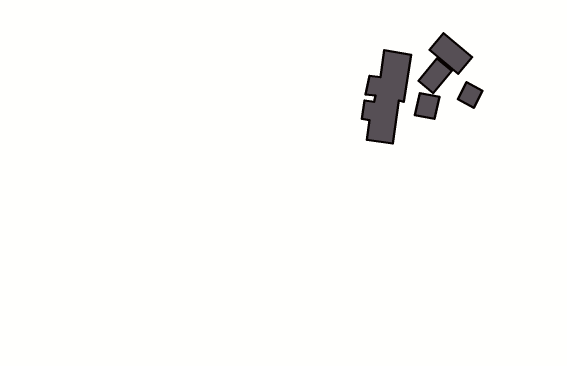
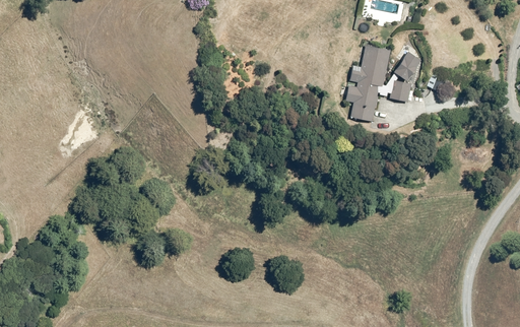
building: [430,33,472,74] -> none

